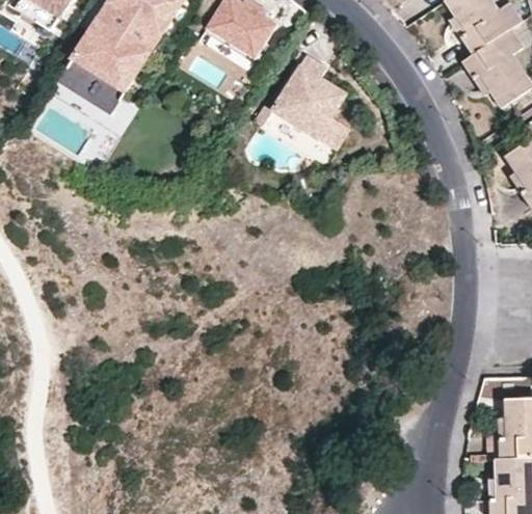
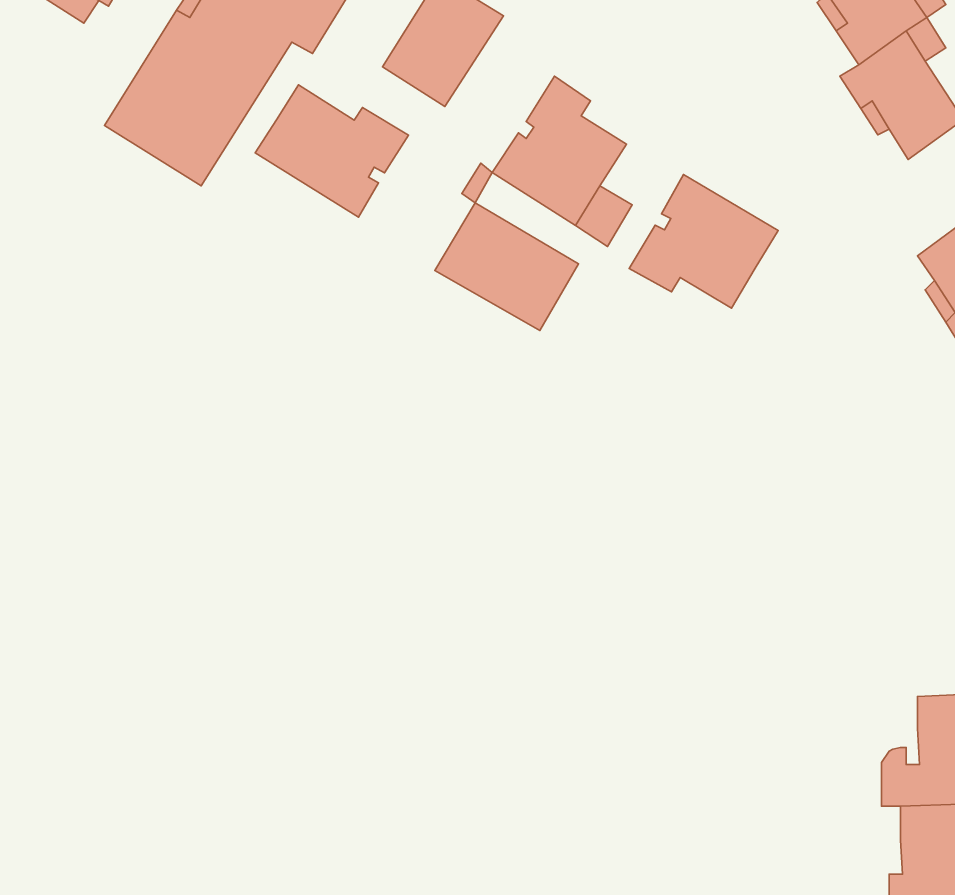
building: none -> [255,85,409,217]
building: none -> [629,174,778,308]
building: none -> [435,203,578,330]

